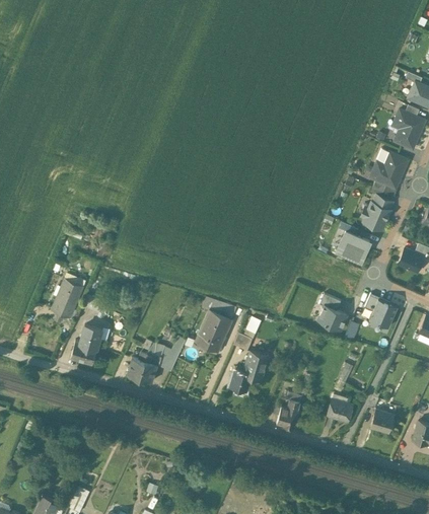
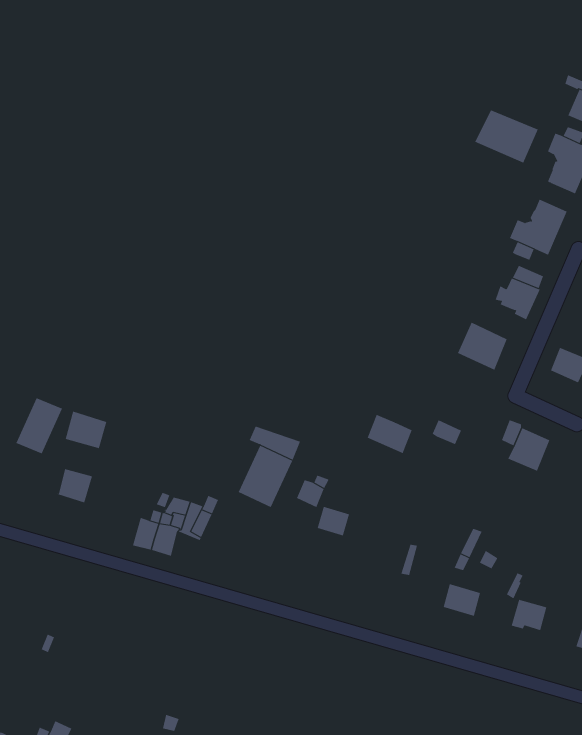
building: none -> [474,110,539,163]
building: [317,305,347,331] -> [367,414,413,454]
building: [70,341,97,365] -> [65,411,107,449]
building: [230,364,264,391] -> none
building: [277,391,300,427] -> none

